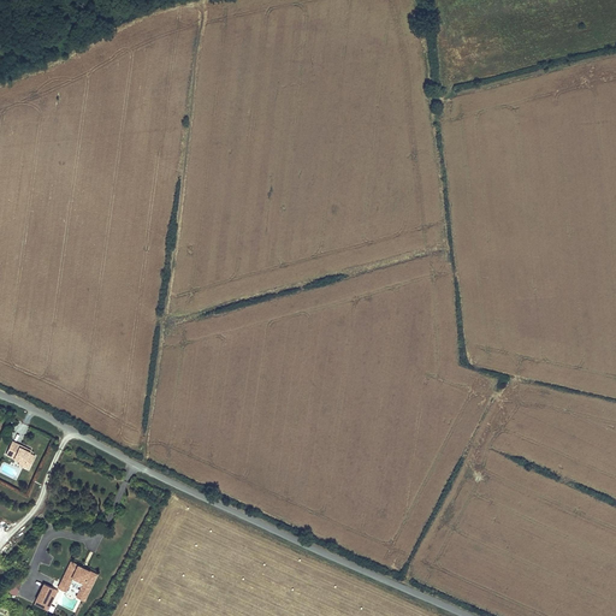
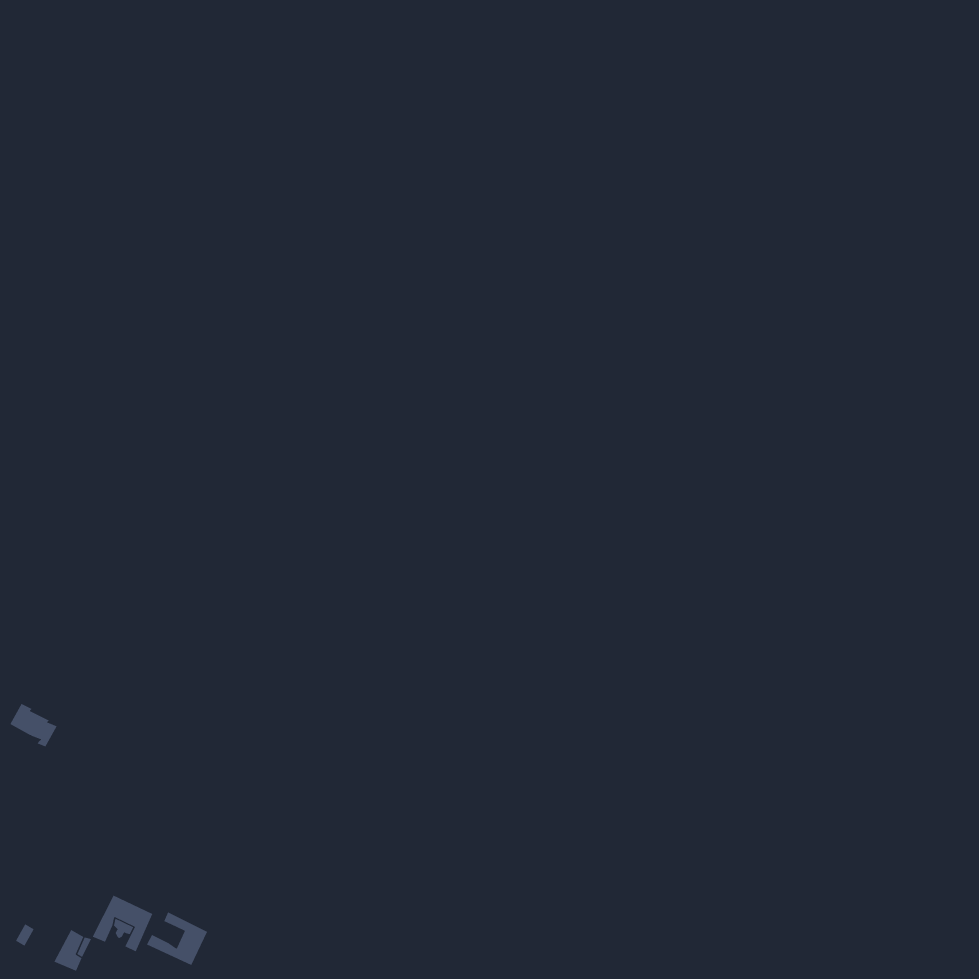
building: none -> [146,912,208,966]

